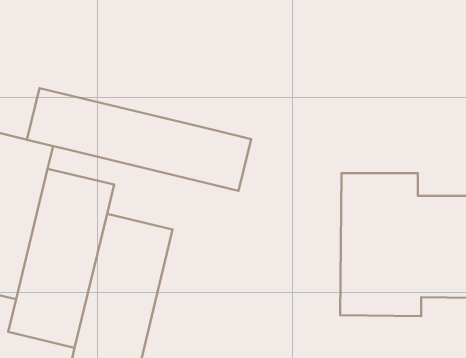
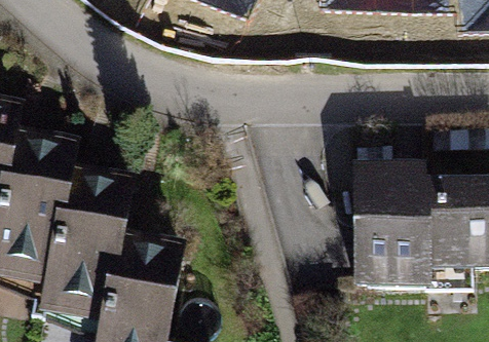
building: [27,88,251,191] -> none

